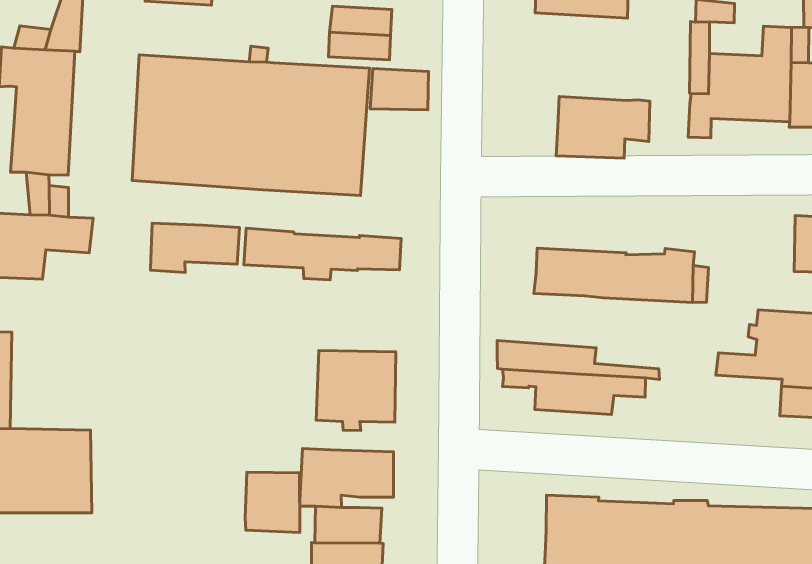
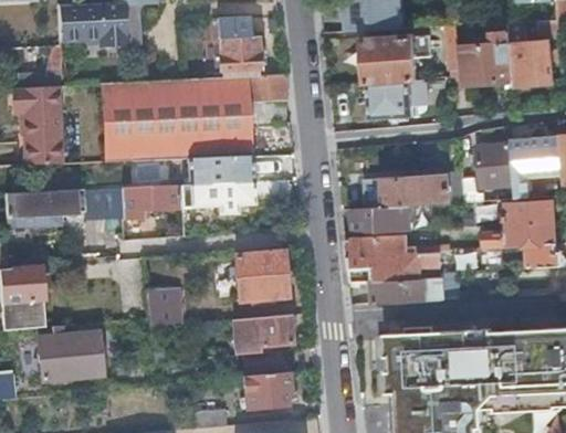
building: none -> [364,32,431,81]
building: none -> [187,157,251,186]
building: none -> [478,141,514,186]
building: none -> [82,189,122,219]
building: none -> [352,204,411,231]
building: none -> [374,270,461,303]
building: [245,472,300,533] -> [145,287,182,327]

